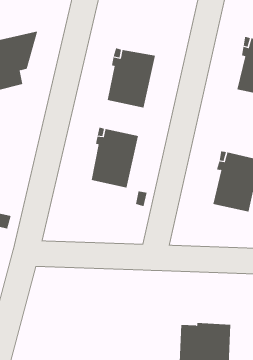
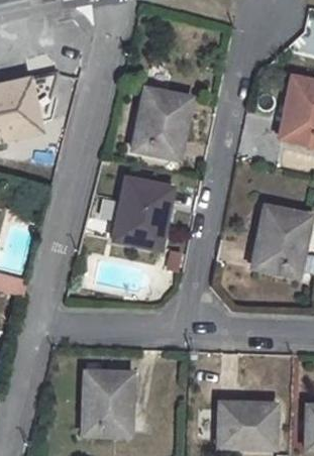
building: none -> [83,372,131,434]

